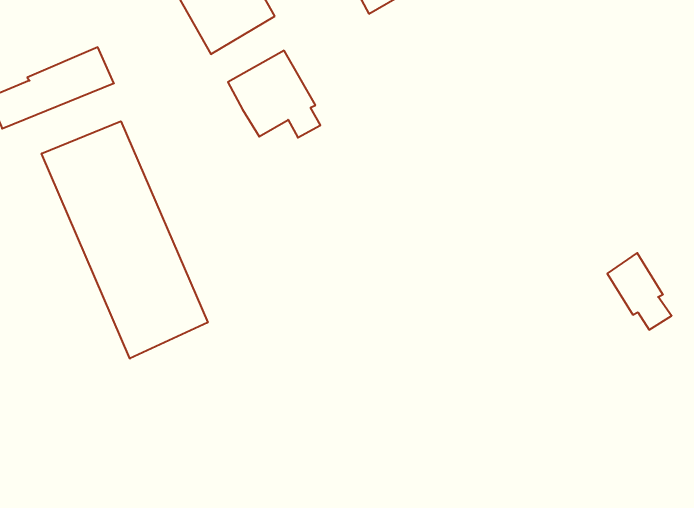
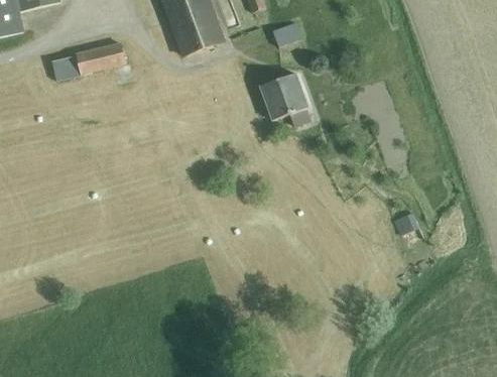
building: [228,51,320,138] -> [263,79,313,130]
building: [42,121,208,359] -> none

